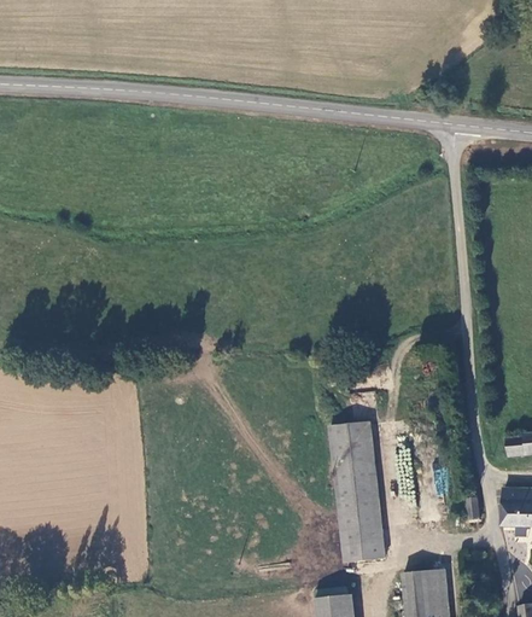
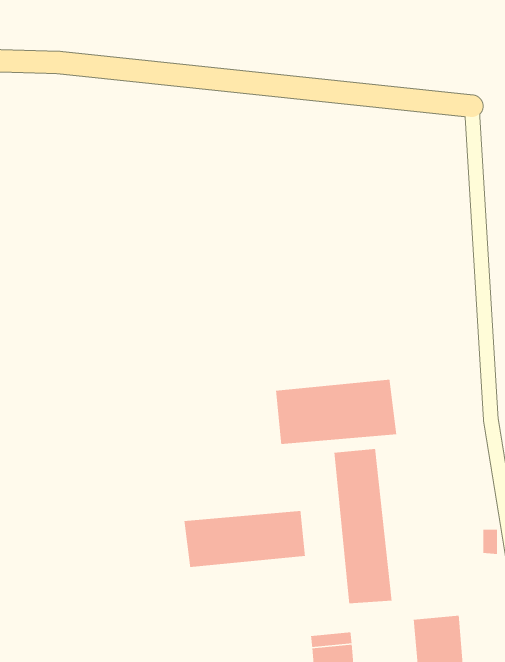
building: none -> [275,379,397,445]
building: none -> [184,510,306,568]

